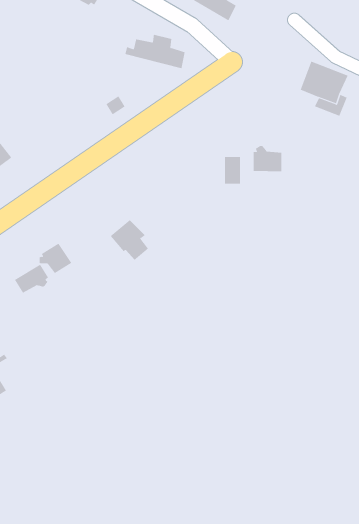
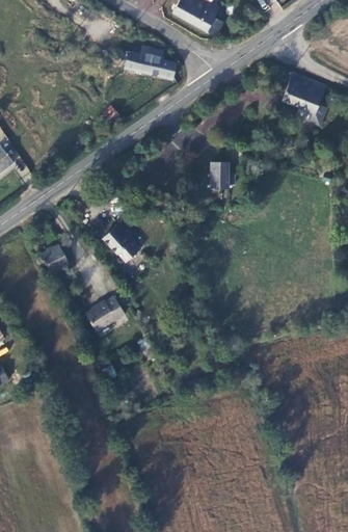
building: [253,145,282,172] -> none
building: [14,264,49,294] -> none
building: none -> [88,295,125,328]

